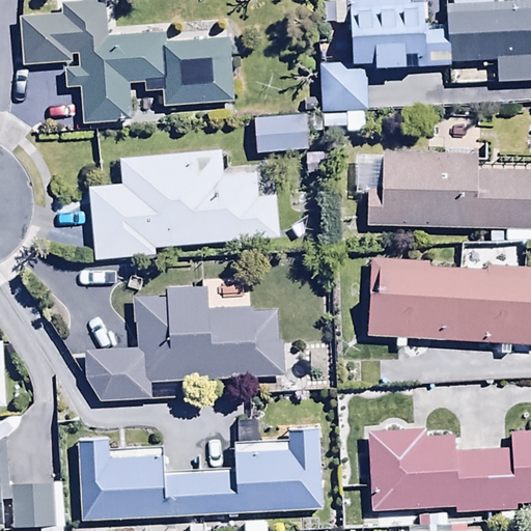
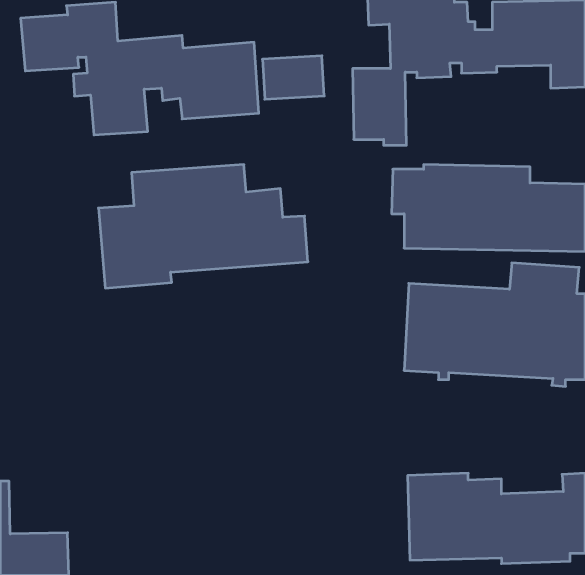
building: [255,112,311,151] -> [262,56,324,99]
building: [85,287,280,400] -> none
building: [77,431,323,518] -> none

